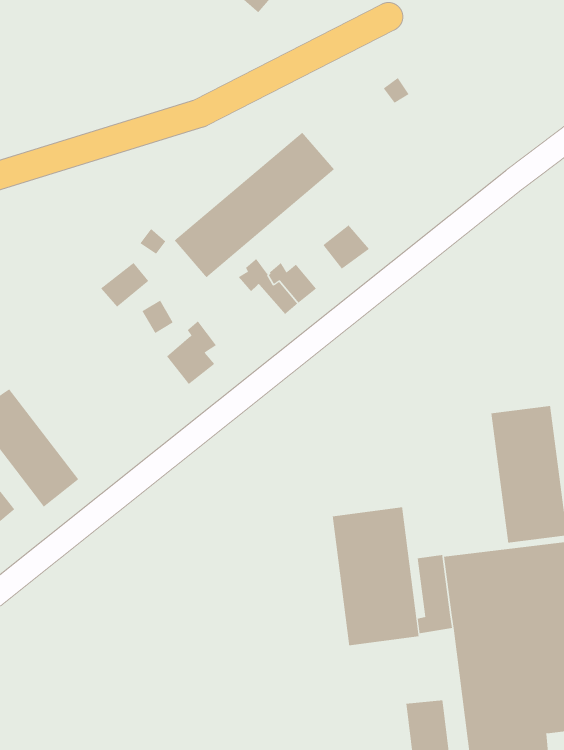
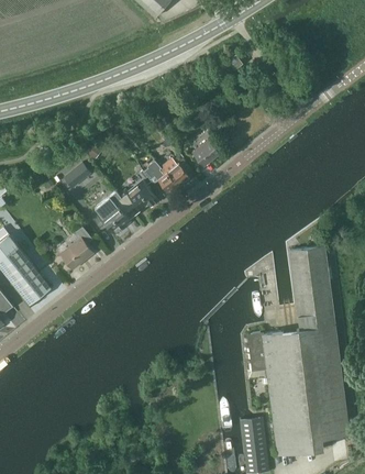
building: [174,132,335,278] -> none
building: none -> [119,183,156,212]
building: none -> [59,227,92,269]
building: [332,506,419,646] -> none

